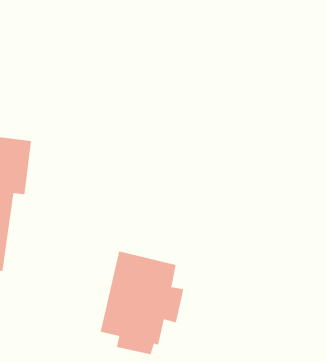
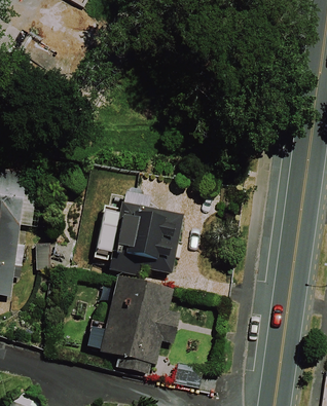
building: none -> [108,192,184,276]

